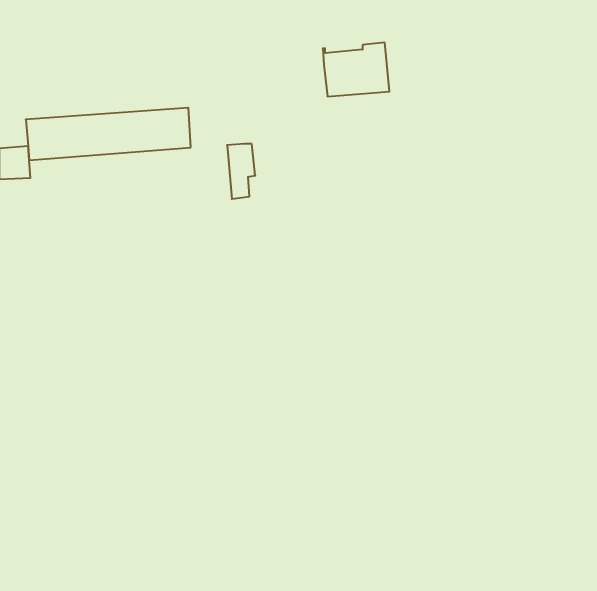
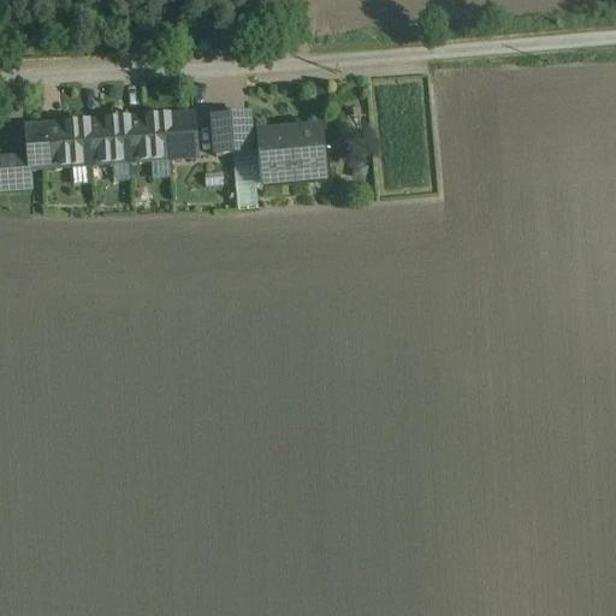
building: [323,43,389,96] -> [257,125,326,180]
building: none -> [213,111,251,152]

